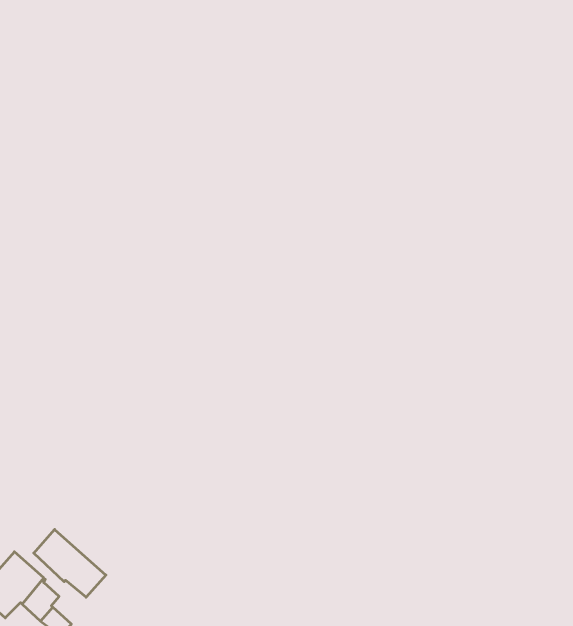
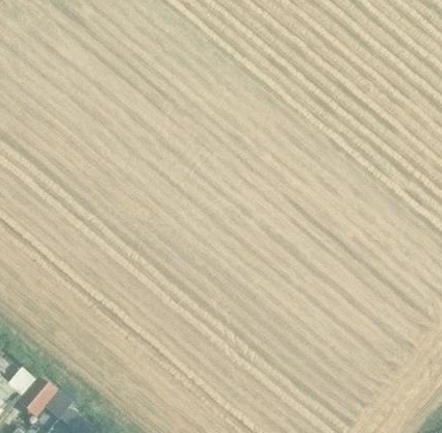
building: [34,529,106,597] -> none

